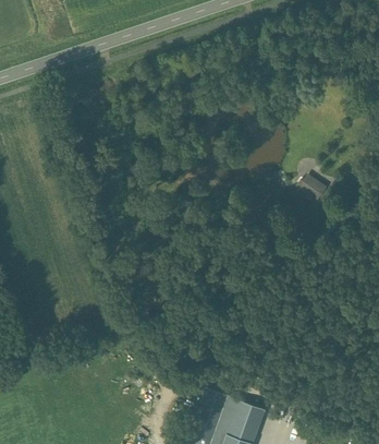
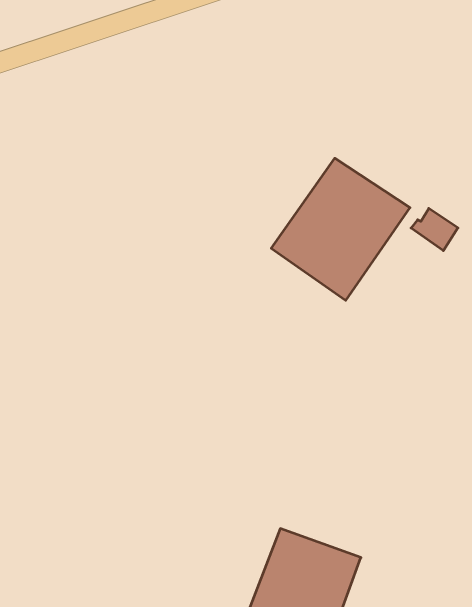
building: none -> [271,158,410,300]

